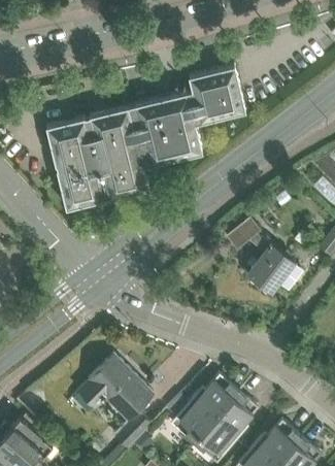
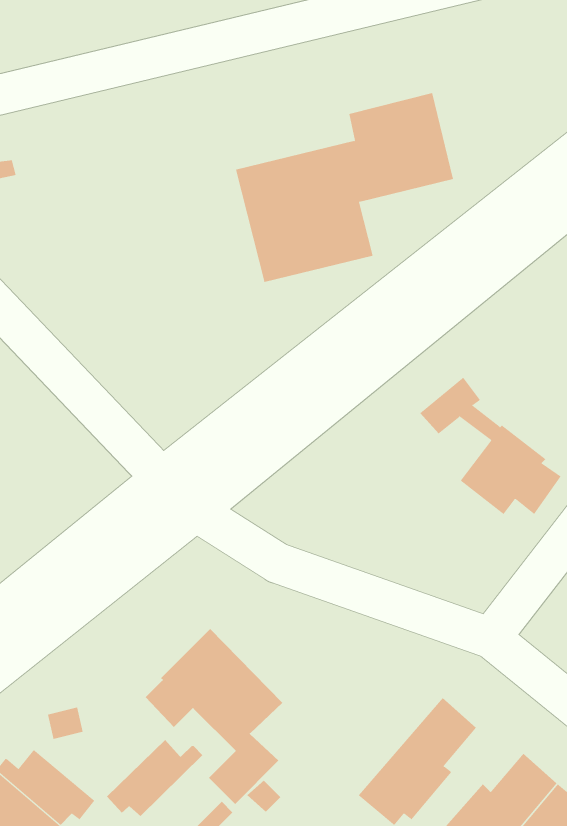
building: [46,106,147,208] -> none
building: [174,373,239,442] -> none
building: none -> [106,739,203,817]

